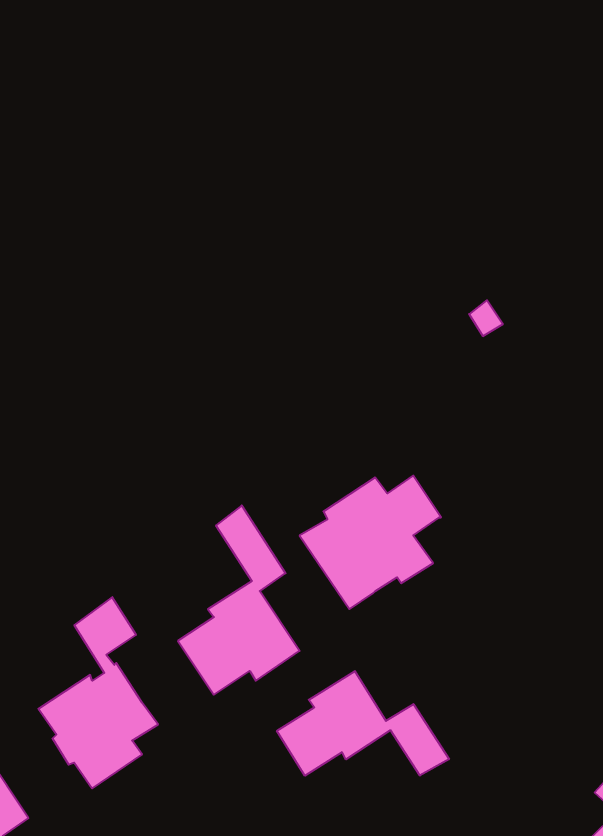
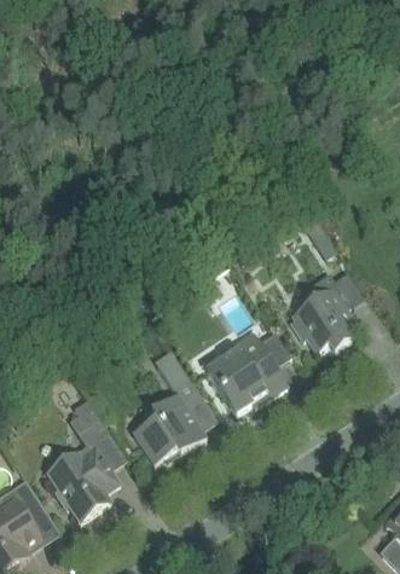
building: none -> [291,271,359,352]
building: [277,671,449,776] -> none

